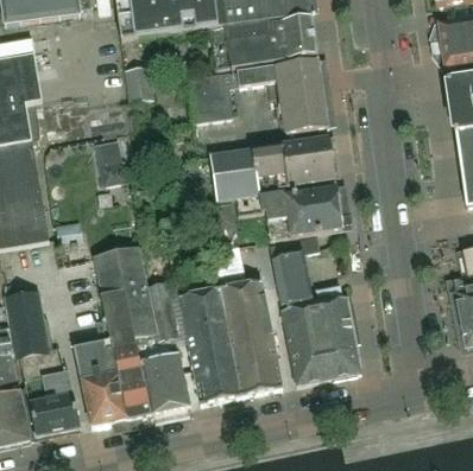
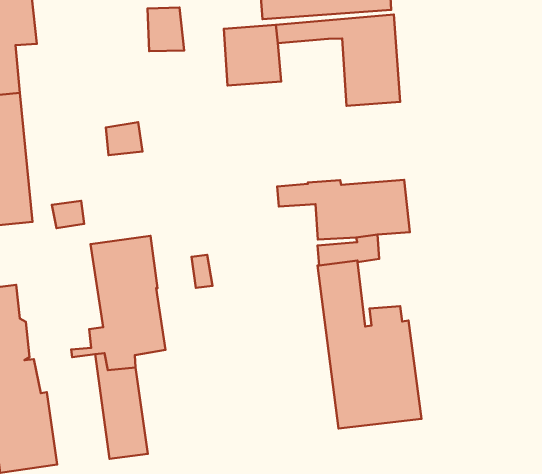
building: [209,135,334,199] -> none
building: [133,279,189,412] -> none
building: [179,279,282,401] -> none
building: [71,337,119,424] -> none

